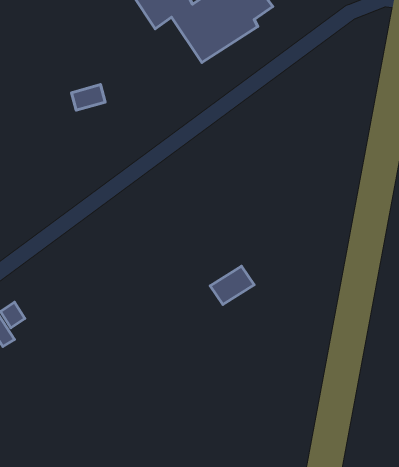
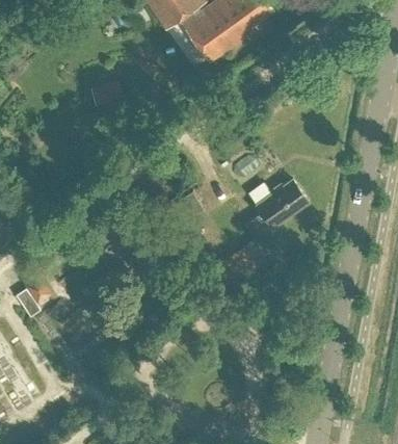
building: none -> [245,178,310,237]

